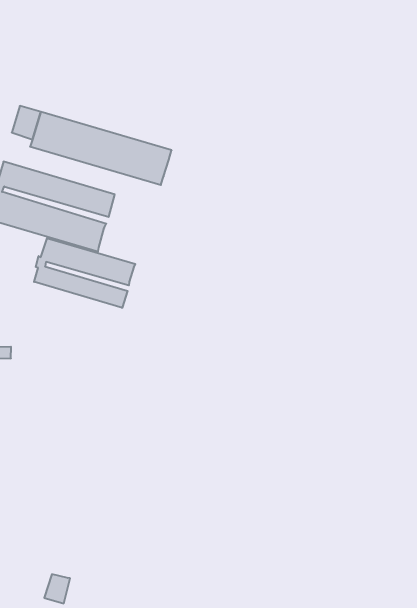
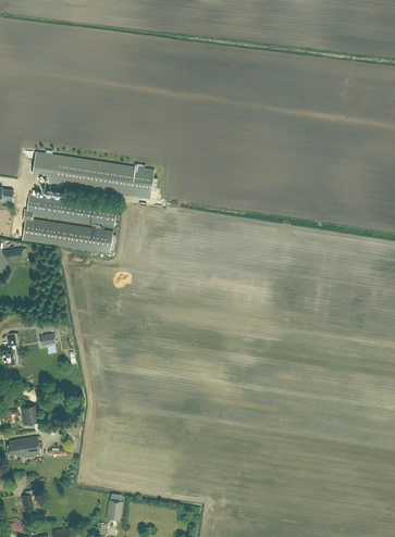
building: [34,238,135,308] -> none

